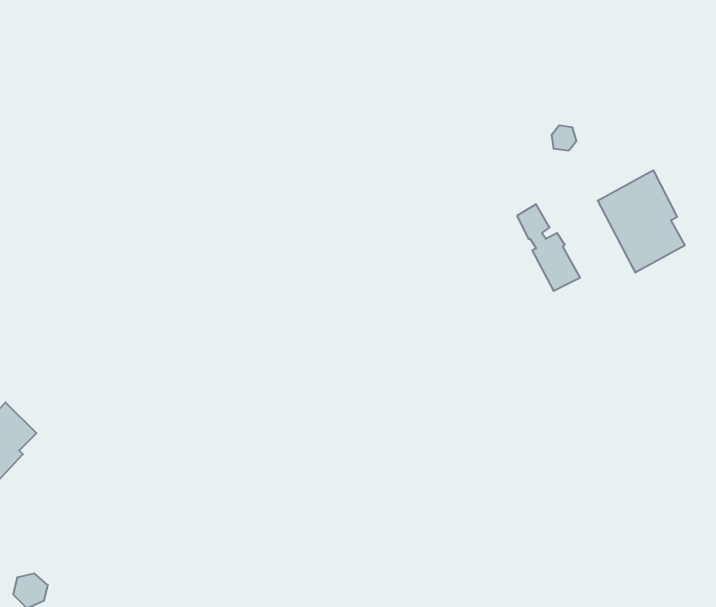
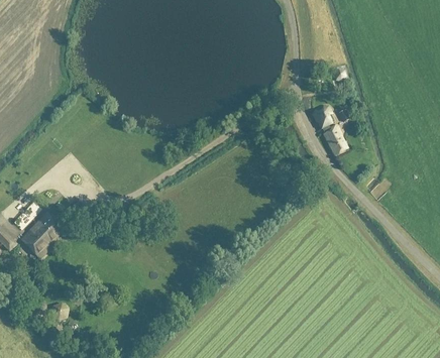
building: [598,170,685,273] -> none

